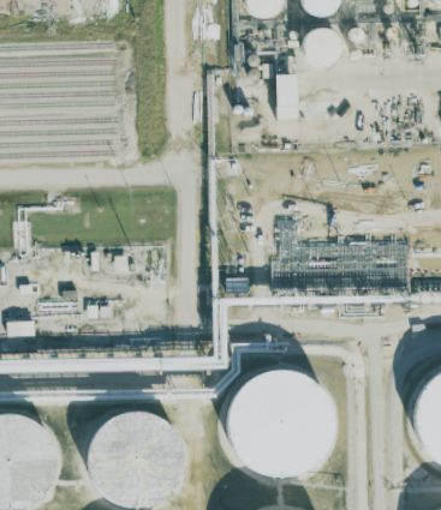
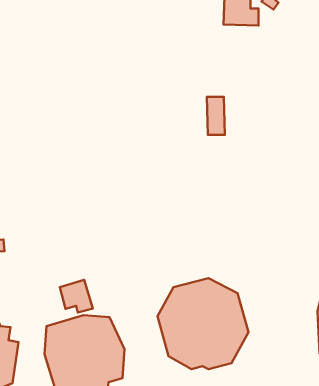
building: [278,73,299,119] -> [207,97,225,135]
building: none -> [60,280,93,313]

